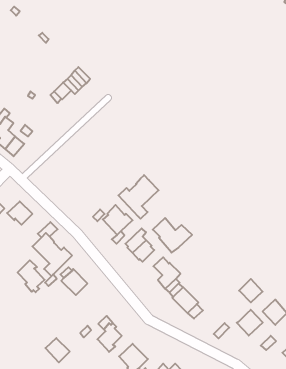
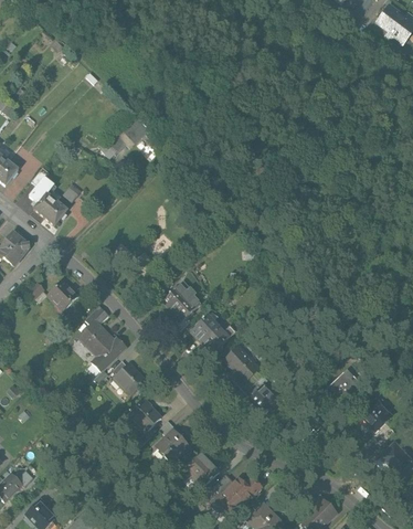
building: [118,175,159,219] -> none
building: [153,218,192,253] -> none
building: [18,260,45,292] -> none
building: [237,310,263,336] -> none
building: [45,338,70,362] -> [130,400,160,430]

